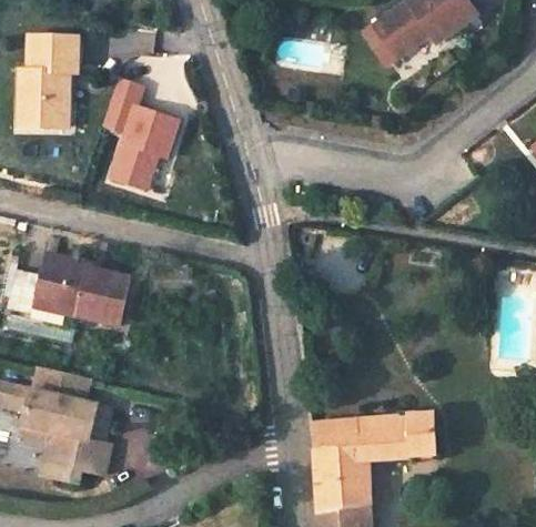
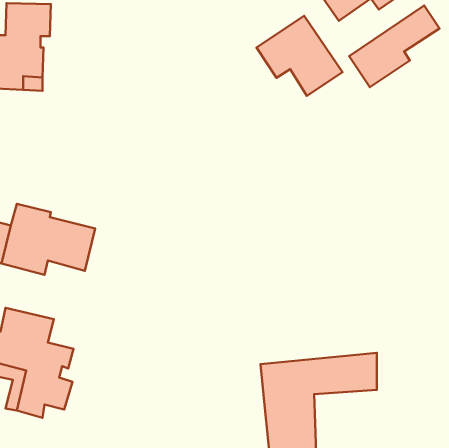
building: none -> [349,5,439,87]
building: none -> [257,16,342,96]
building: [100,73,176,188] -> none

